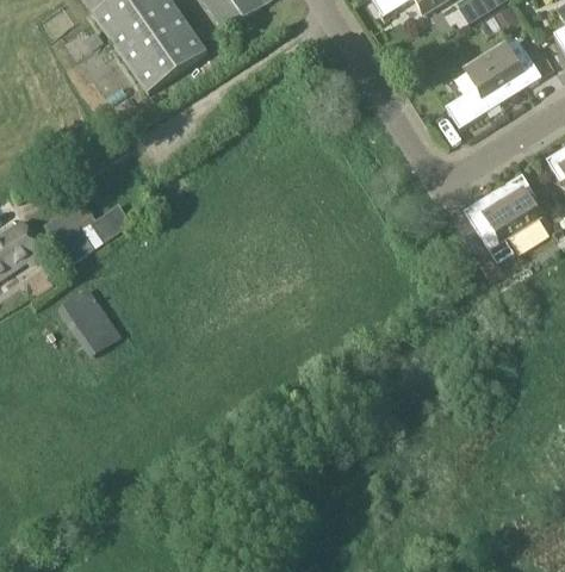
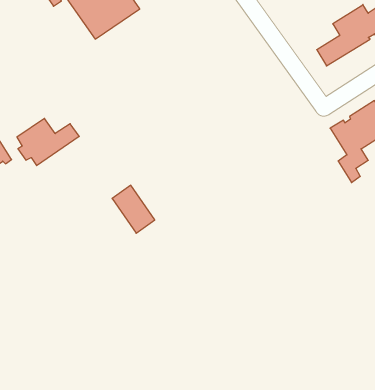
building: [60,287,117,352] -> [112,185,155,233]

